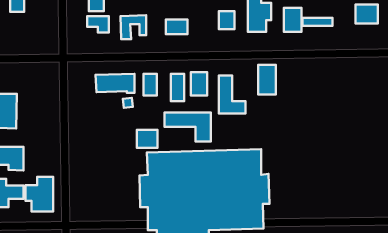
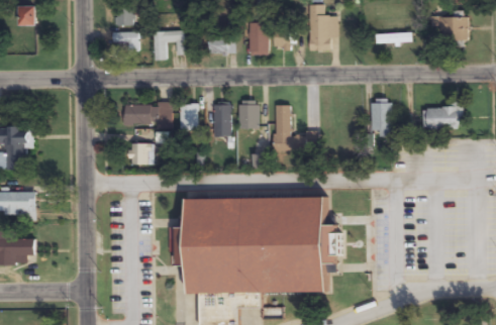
building: [284,8,301,32] -> none
building: none -> [249,23,268,56]
building: [258,65,276,95] -> [370,99,391,135]
building: none -> [424,101,461,128]
building: [165,112,211,141] -> none
building: [137,130,158,148] -> [128,143,154,166]
building: [25,177,53,212] -> none

